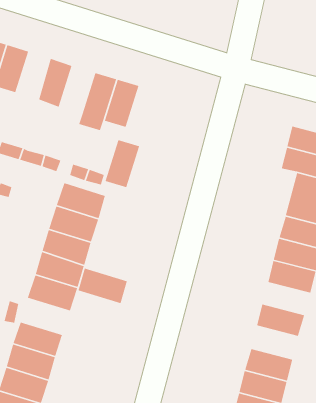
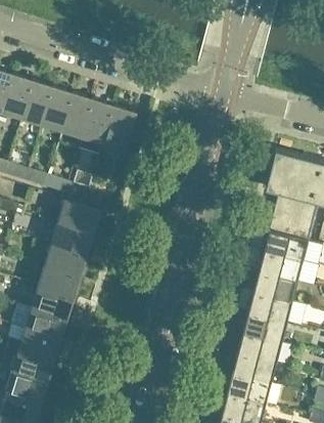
building: none -> [21,80,53,125]
building: [105,139,140,188] -> [61,93,94,138]
building: [78,268,128,304] -> [26,307,72,341]
building: none -> [247,293,292,323]
building: none -> [237,333,281,364]

